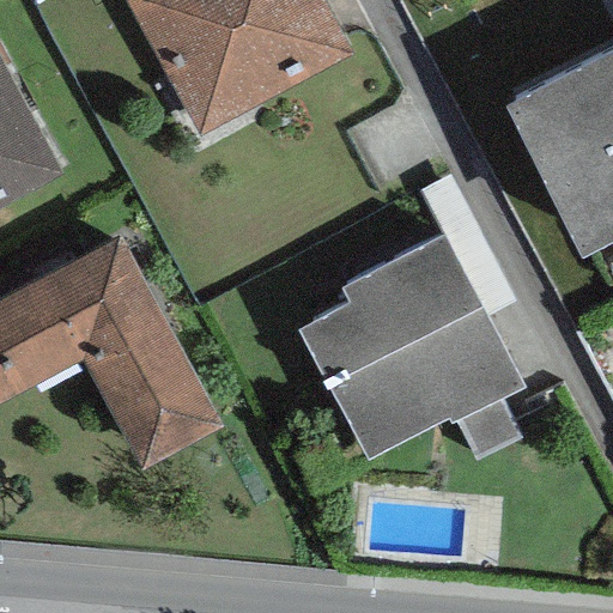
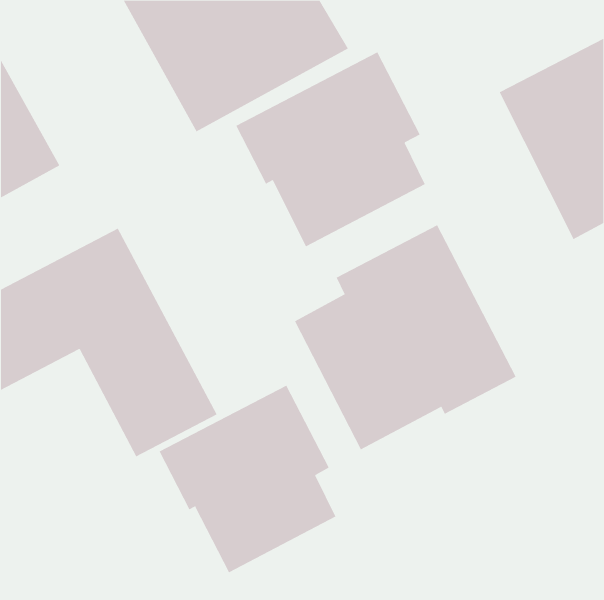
building: none -> [236,52,426,247]
building: none -> [159,385,336,573]

